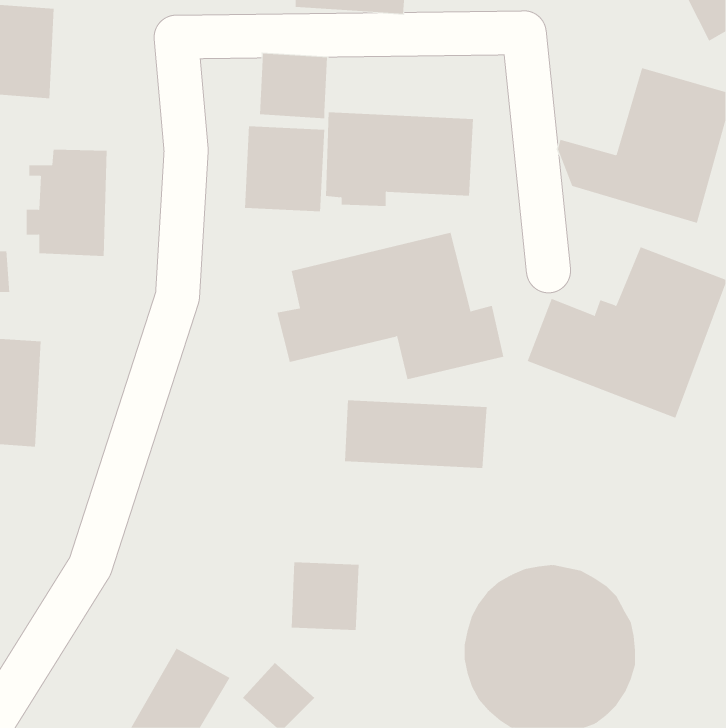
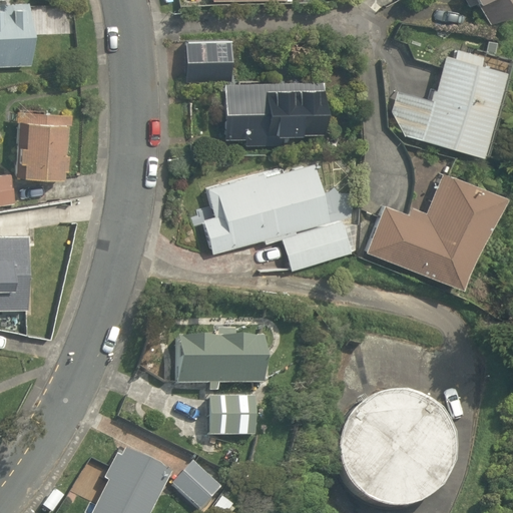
building: [244,125,325,212] -> none
building: [344,400,488,469] -> [168,338,269,386]

